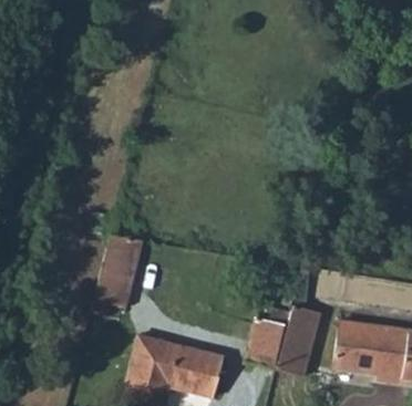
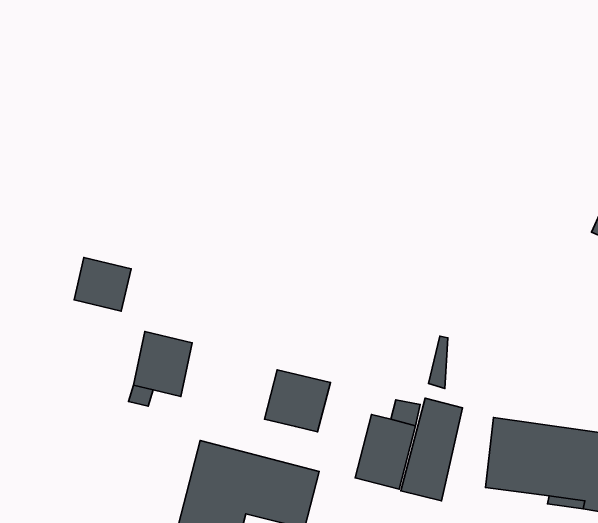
building: [103,232,142,269] -> [74,257,131,311]
building: none -> [264,370,330,432]

